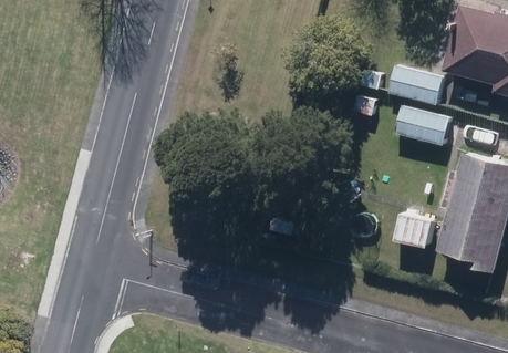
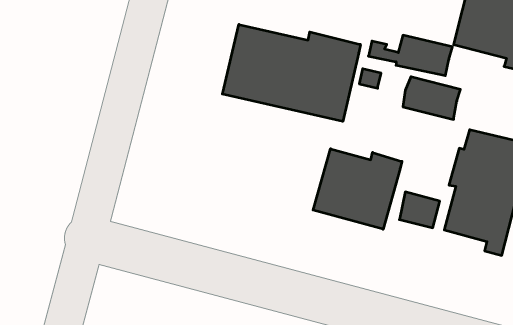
building: none -> [222,24,360,121]
building: none -> [313,149,402,229]

